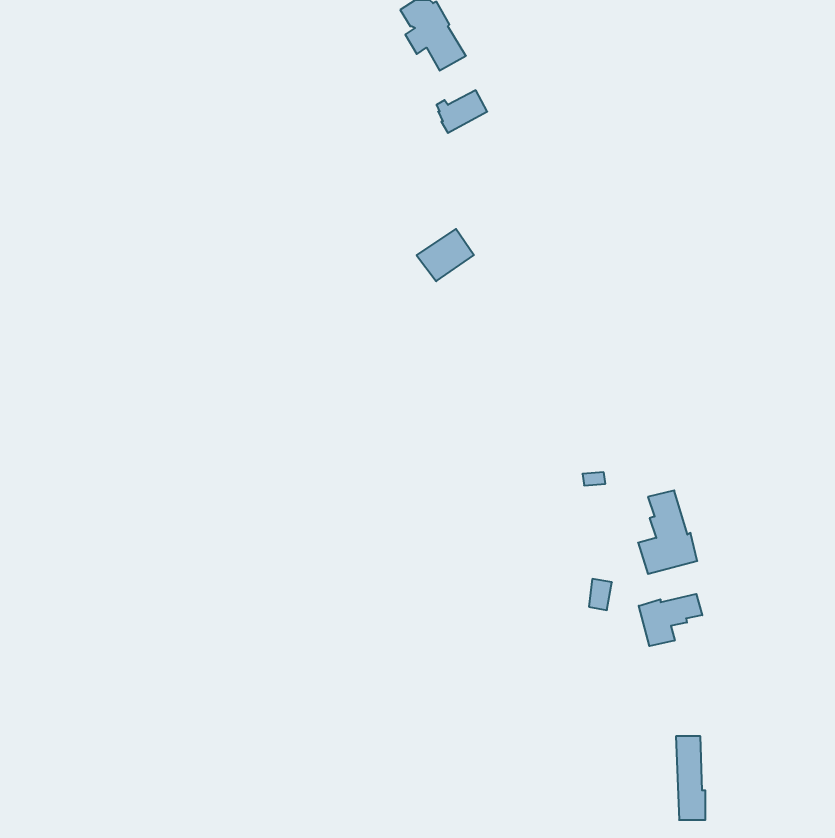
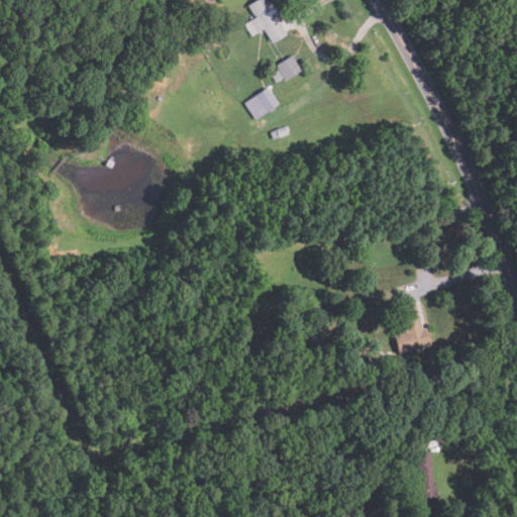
building: [417,229,474,281] -> [244,88,280,120]
building: [639,594,702,646] -> none

